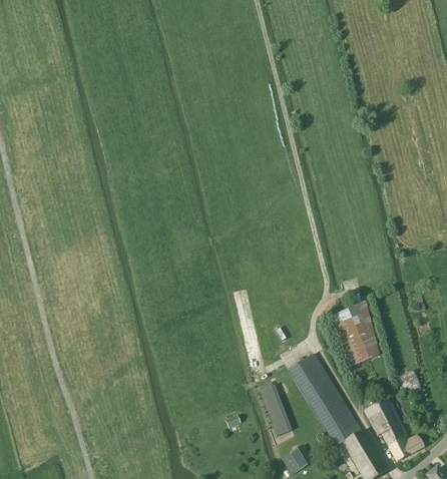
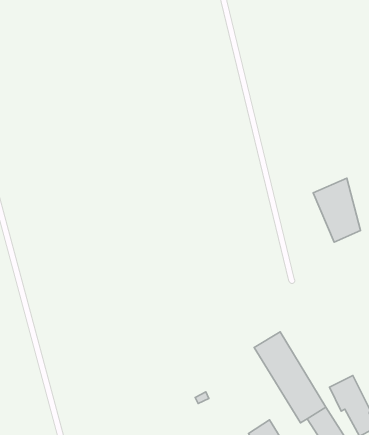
building: [330,300,379,366] -> [313,178,360,242]
building: [258,384,292,436] -> none

